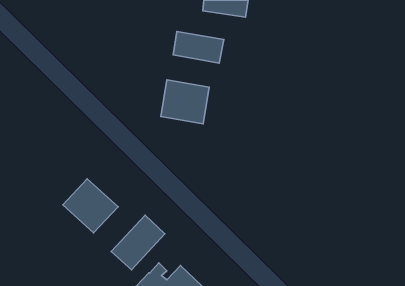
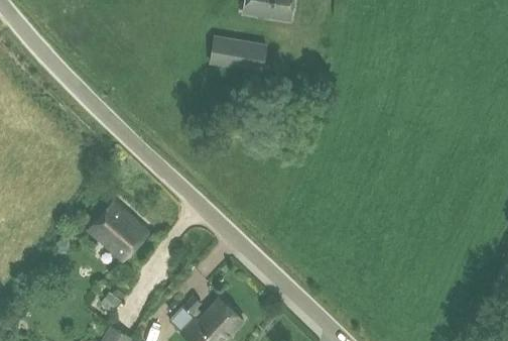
building: [161,80,209,124] -> none
building: [111,215,165,270] -> none

